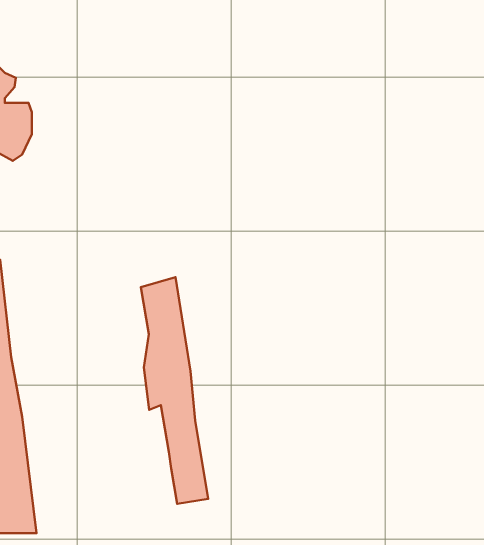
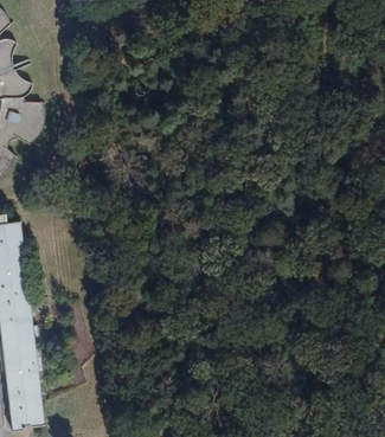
building: [141,277,208,504] -> none

